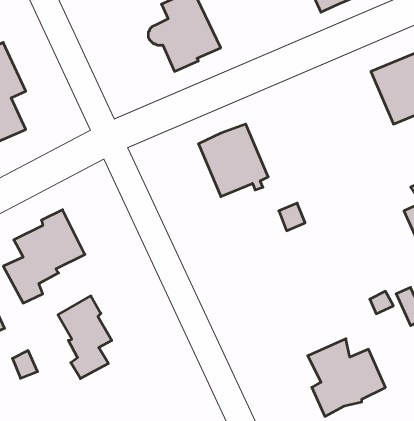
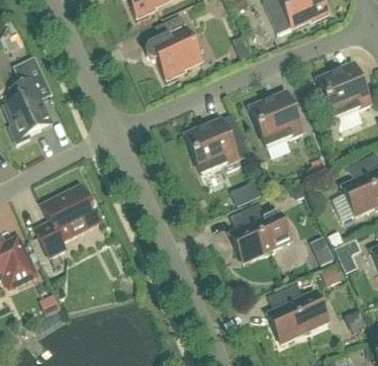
building: none -> [250,91,302,147]
building: none -> [230,202,290,262]
building: [58,296,112,379] -> none

